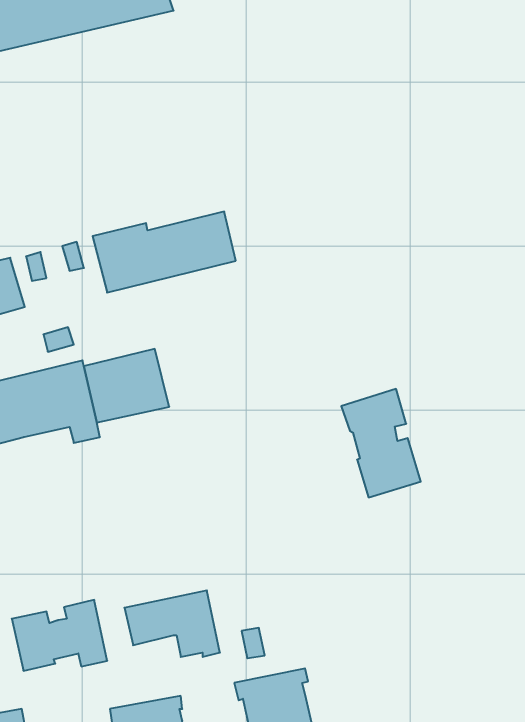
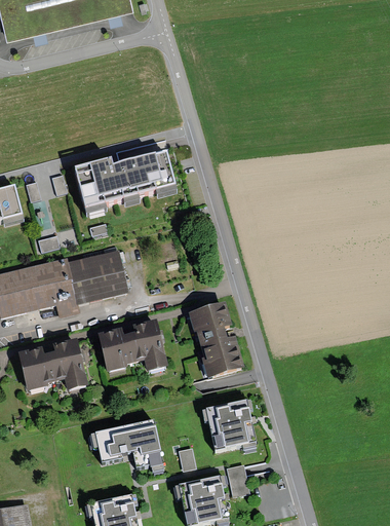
building: [341,389,421,497] -> [187,302,243,379]
building: none -> [98,320,167,371]
building: none -> [202,400,257,452]
building: [12,600,107,671] -> [17,340,85,390]
building: none -> [226,464,248,497]

